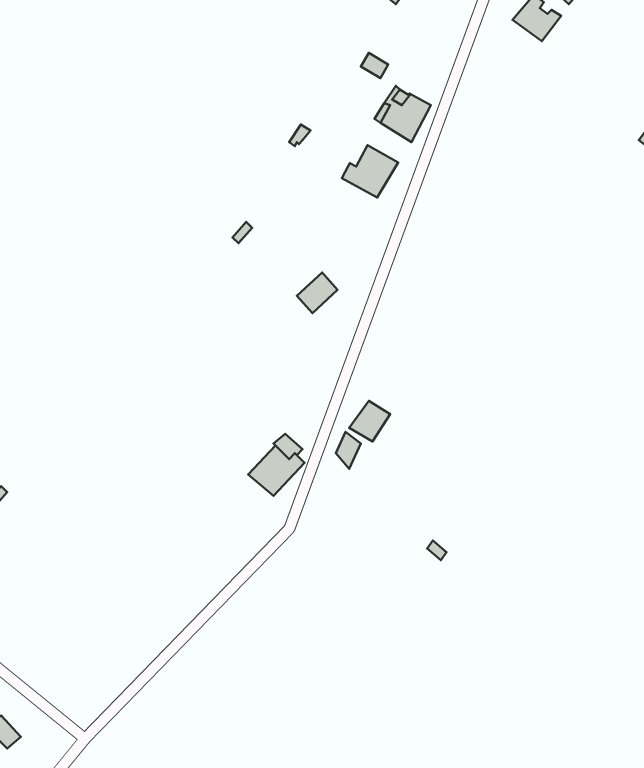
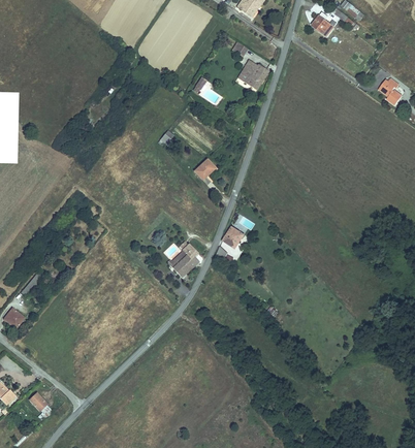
building: [342,145,398,198] -> none

